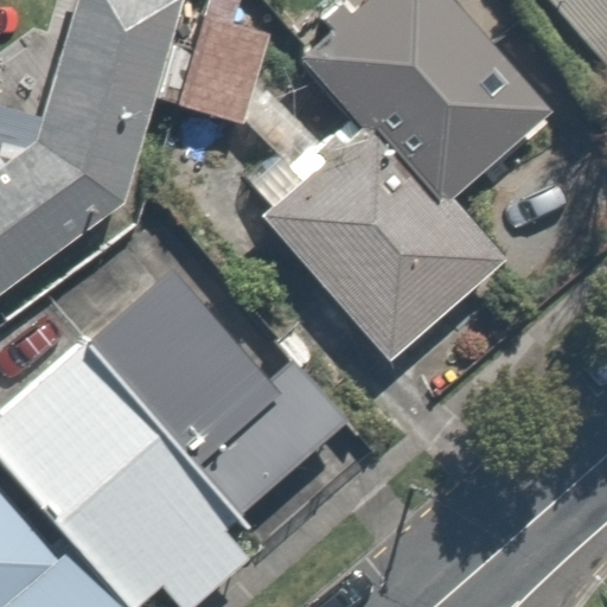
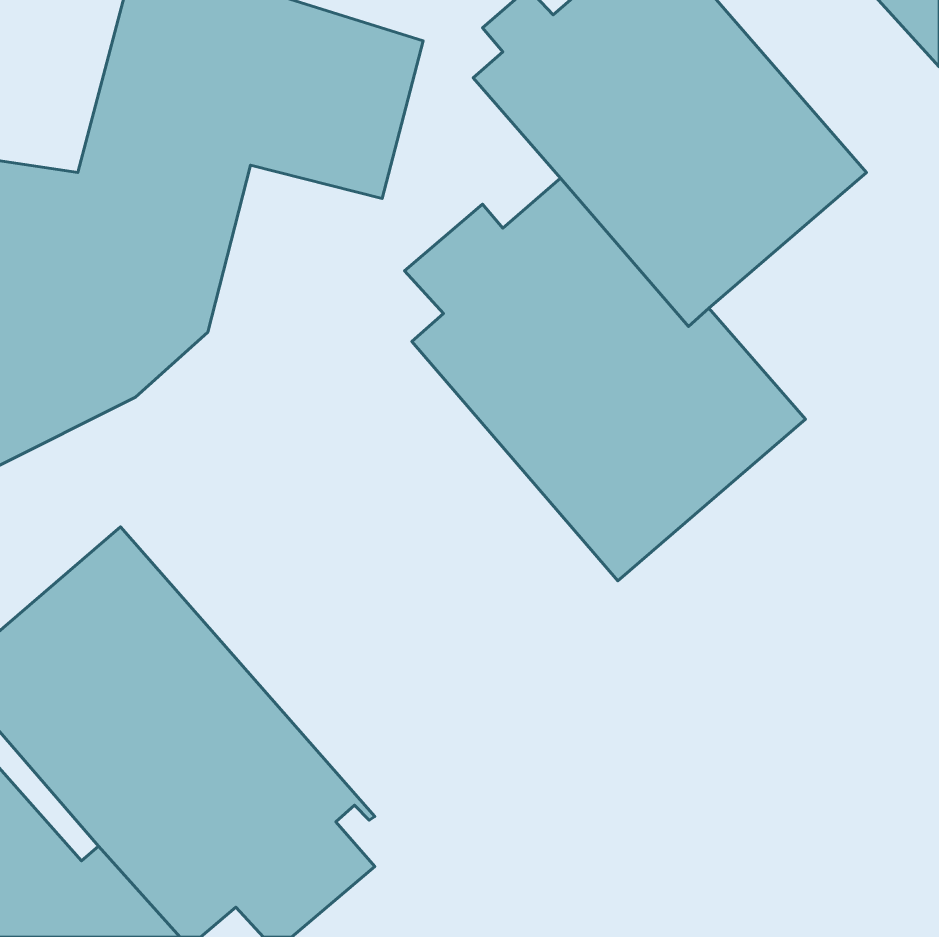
building: [77,263,340,511] -> none

